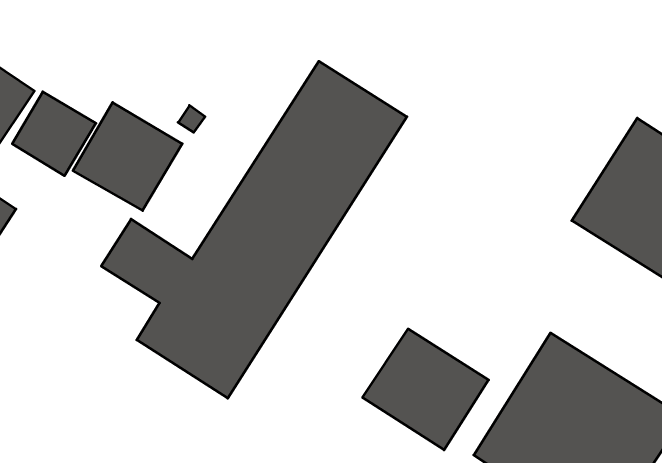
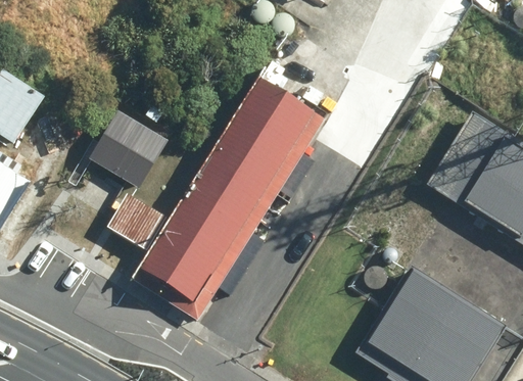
building: [12,92,96,176] -> none
building: [363,329,489,450] -> none

